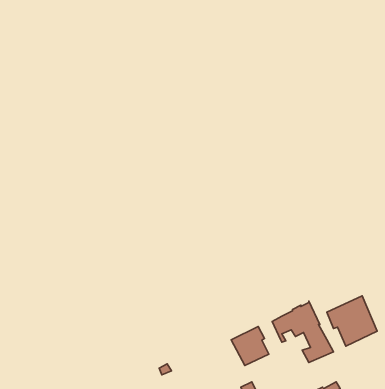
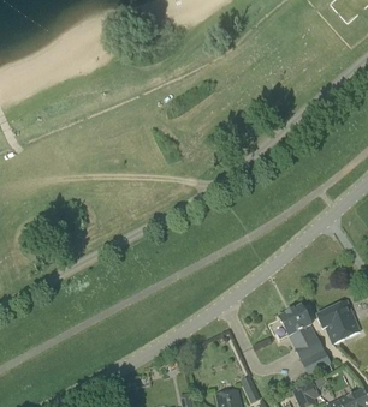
building: [231,327,269,365] -> none

